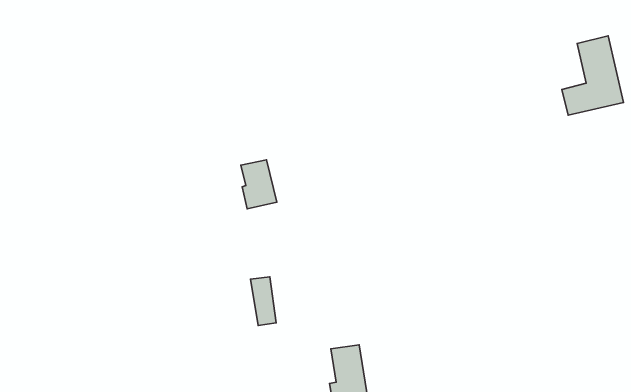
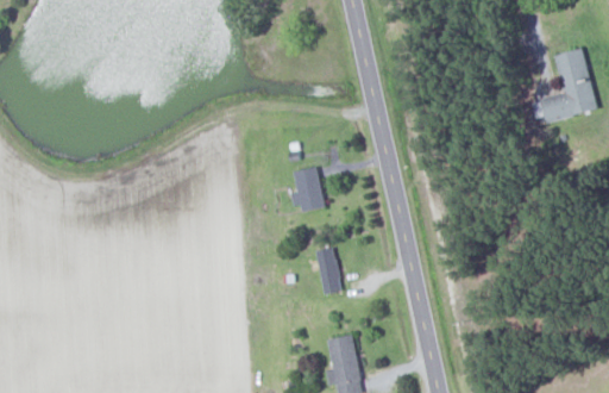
building: [241,160,277,209] -> [291,167,325,212]
building: [251,277,276,325] -> [315,248,339,293]

